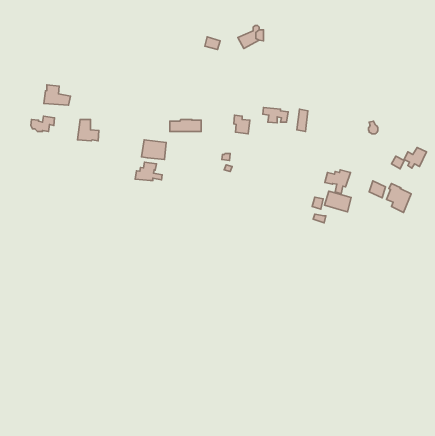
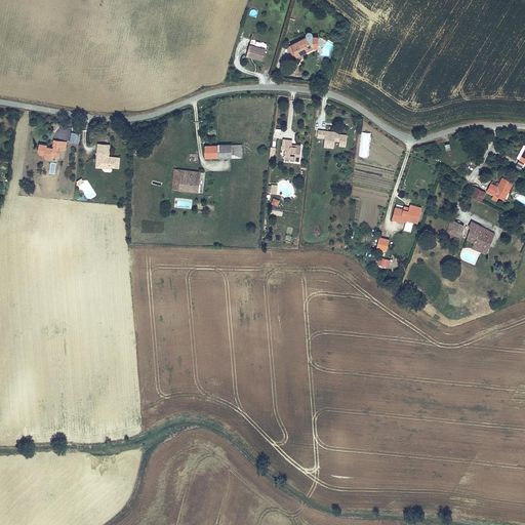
building: [44,85,70,105] -> none
building: [135,162,162,181] -> none
building: [325,191,351,212] -> none

